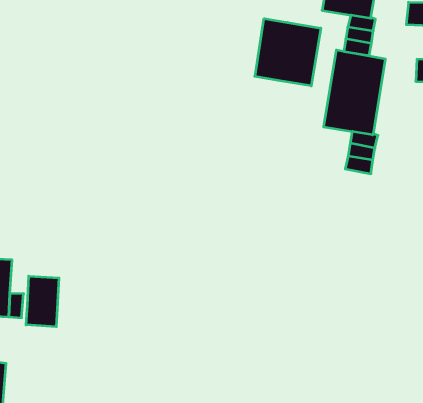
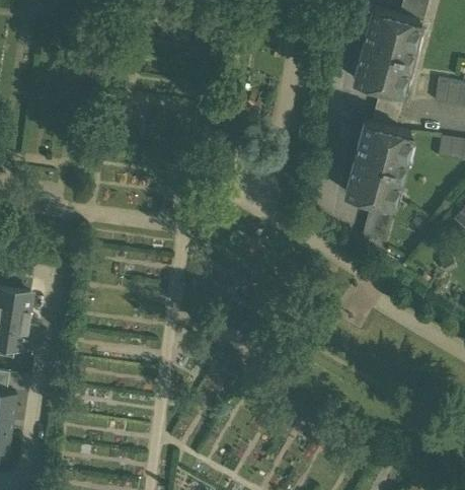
building: [255,19,321,86] -> none
building: [26,276,59,327] -> none

